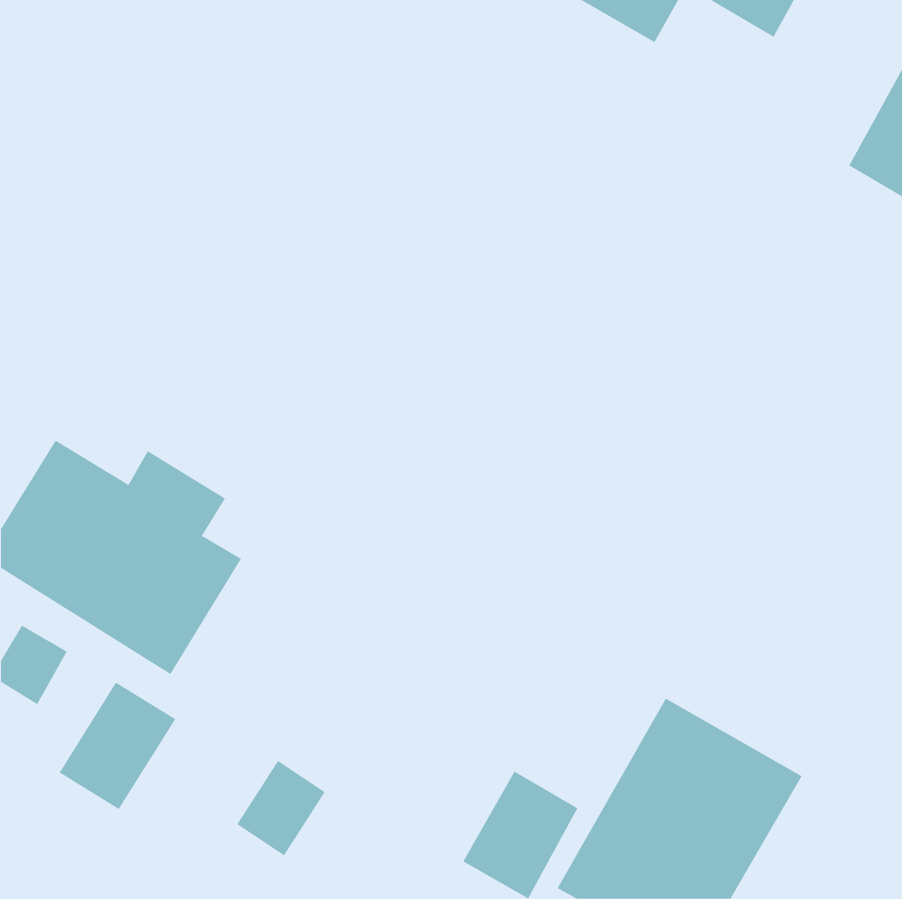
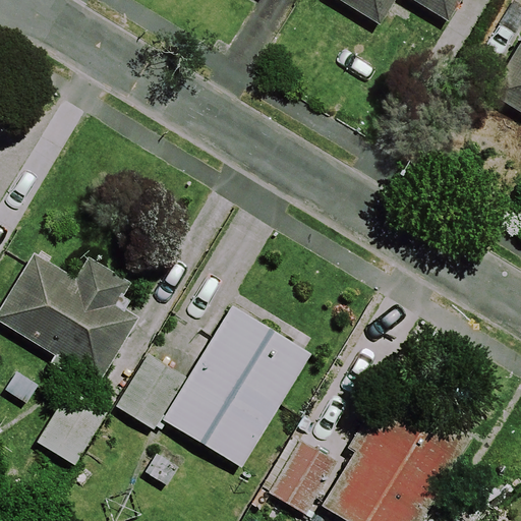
building: none -> [119,306,309,467]

